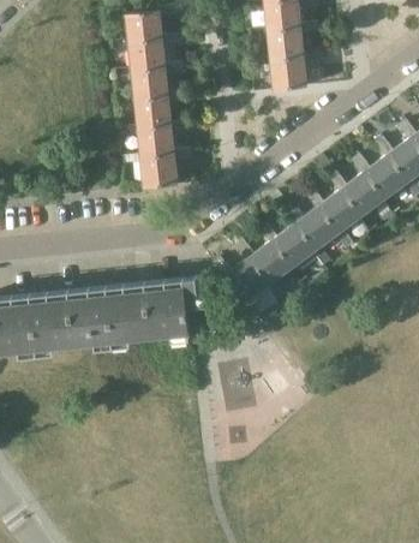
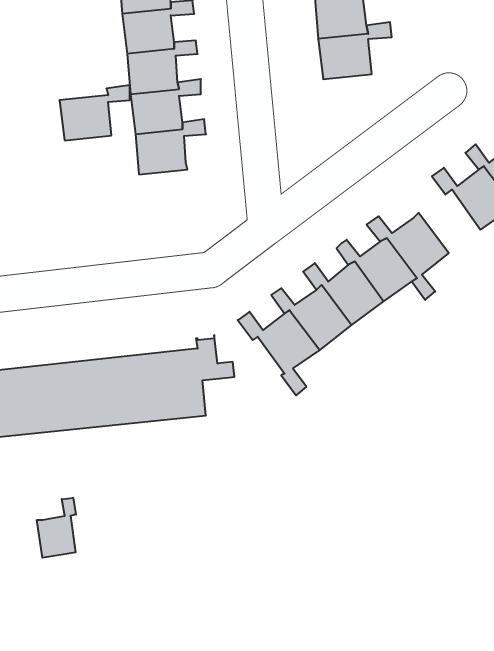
building: [140,149,191,189] -> [59,85,130,140]
building: [328,171,385,216] -> none
building: none -> [37,498,76,558]

